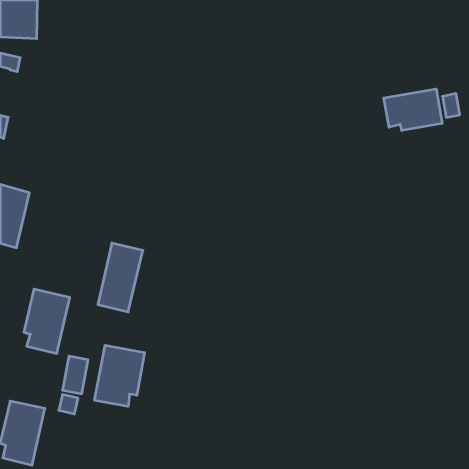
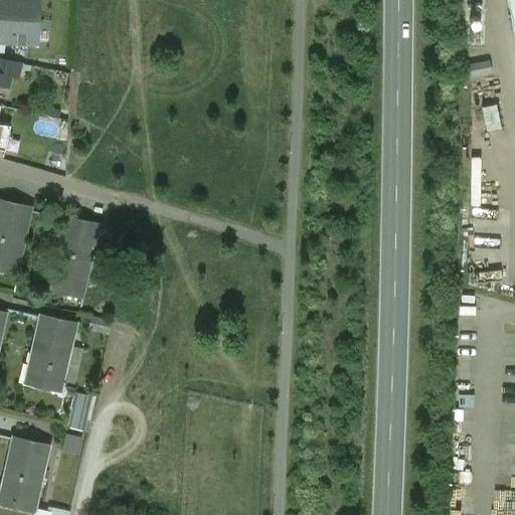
building: [384,89,442,131] -> none
building: [98,243,143,312] -> [50,219,100,295]
building: [95,345,145,406] -> none

